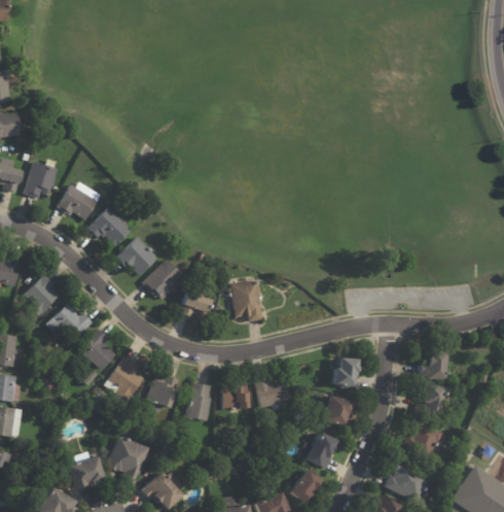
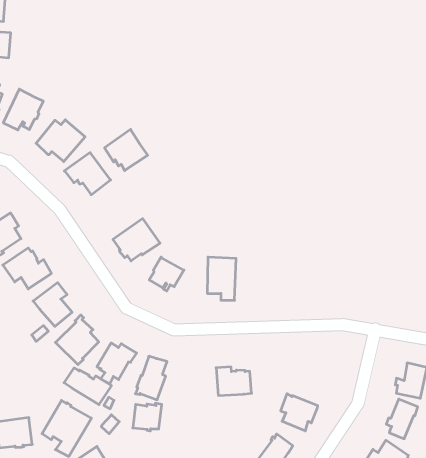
building: [116,237,156,275] -> [105,129,148,171]
building: [332,357,357,388] -> none
building: [222,384,247,410] -> [133,403,162,431]
building: none -> [64,368,111,405]

